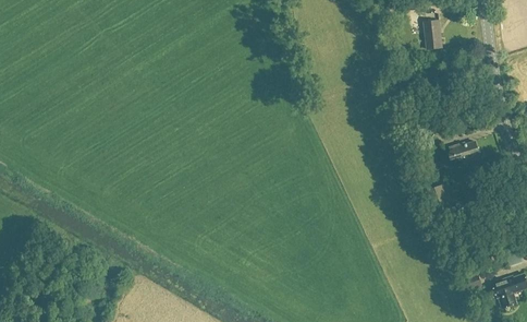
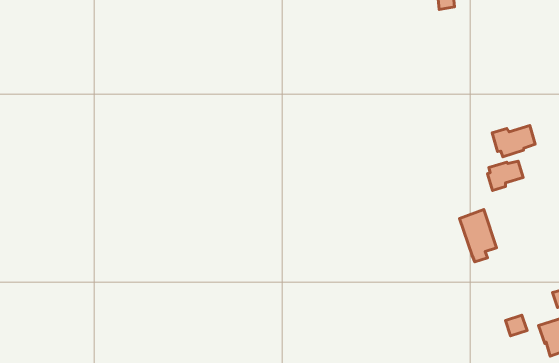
building: [424,19,443,49] -> none
building: none -> [492,125,535,157]

